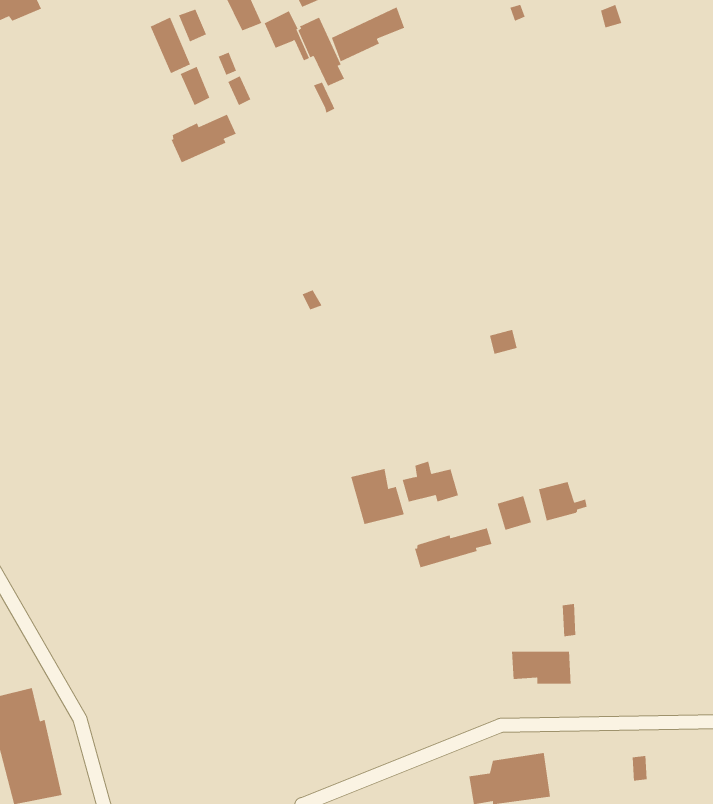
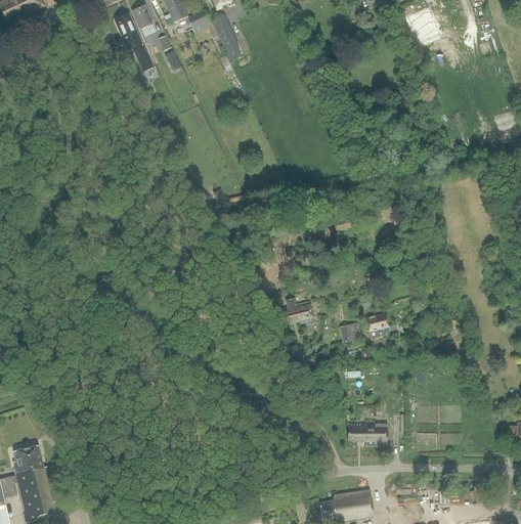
building: [331,7,405,62] -> none
building: [171,114,237,163] -> none
building: [350,468,404,525] -> none
building: [414,527,492,568] -> none

